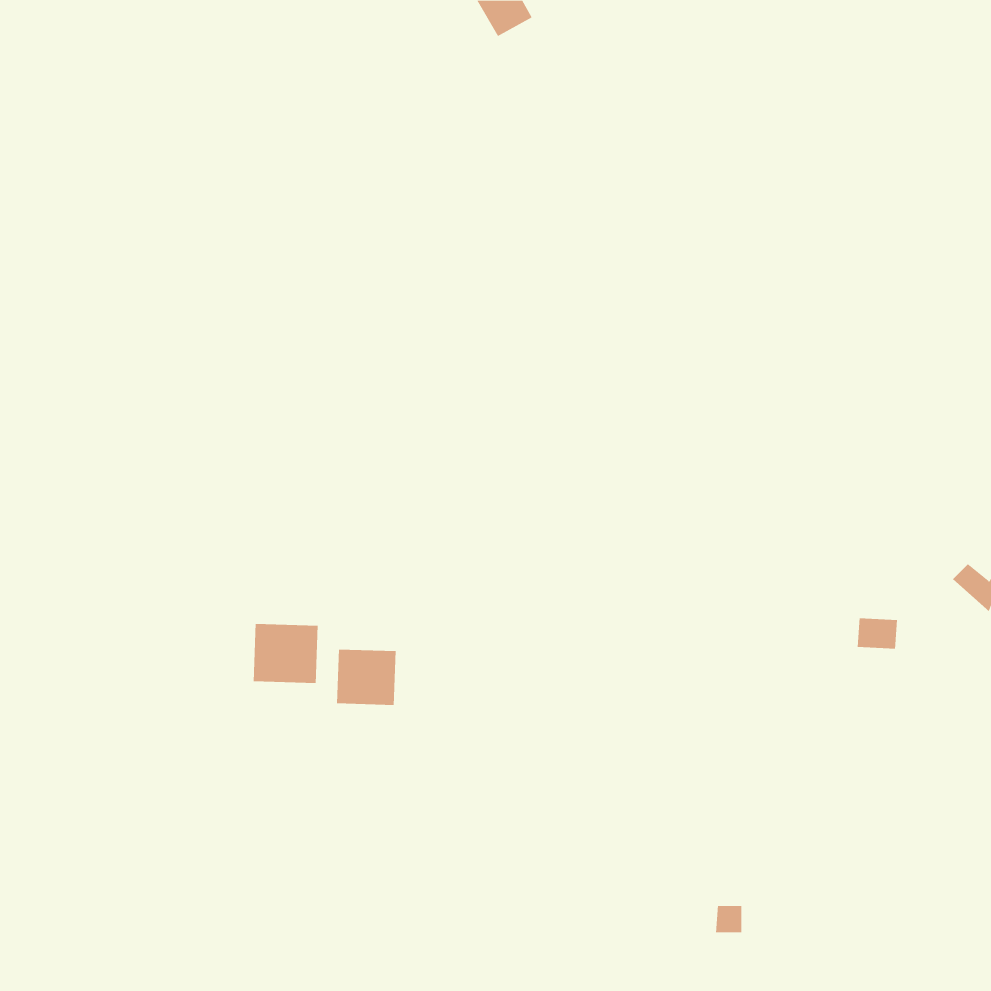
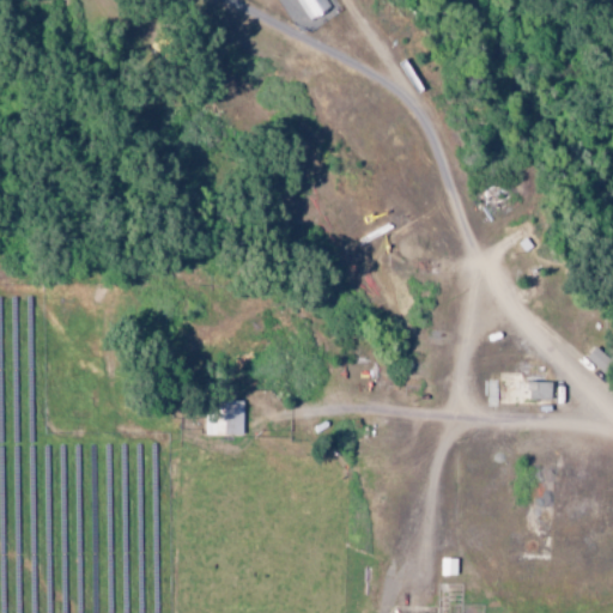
building: [253,623,318,684] -> none

